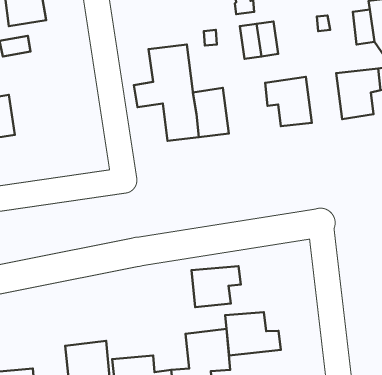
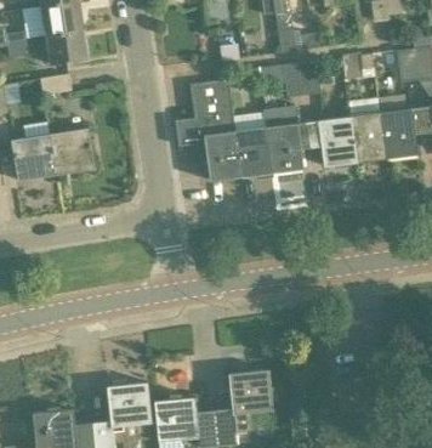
building: none -> [263,106,309,172]
building: none -> [348,112,385,161]
building: none -> [49,127,93,174]
building: [192,266,241,307] -> none
building: [225,312,281,355] -> none

